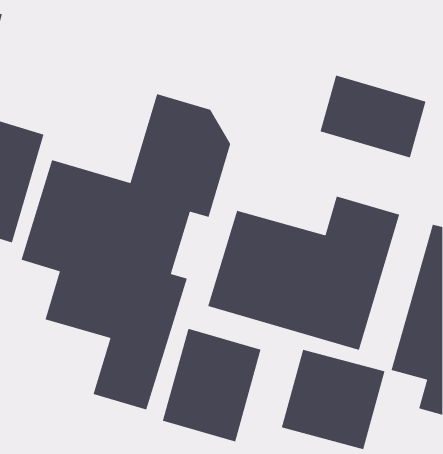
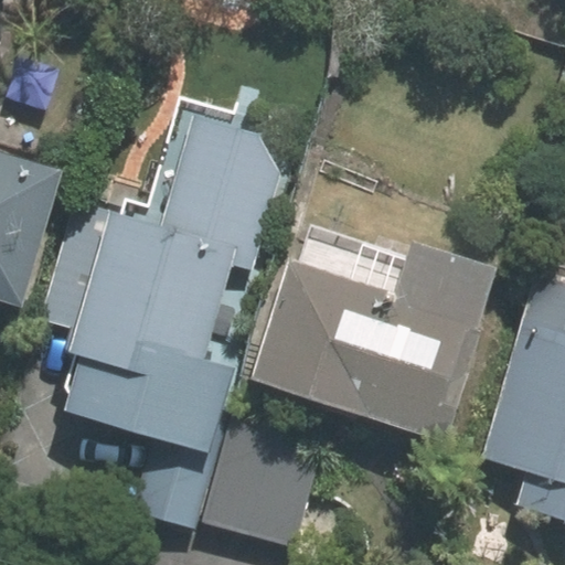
building: [319,74,426,158] -> none
building: [281,349,386,450] -> none

